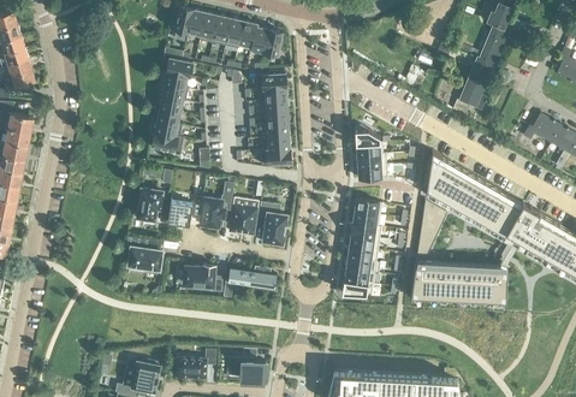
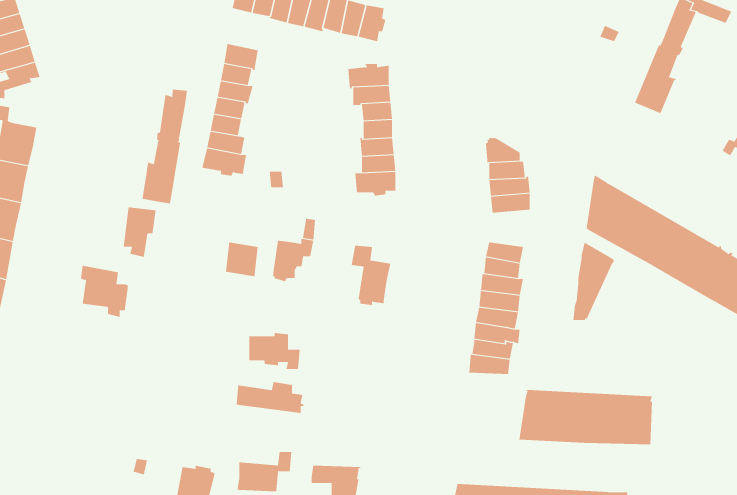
building: none -> [141,89,188,204]
building: [137,189,161,225] -> [123,207,156,257]
building: [228,197,257,235] -> none
building: [126,237,161,274] -> [80,265,129,317]
building: [410,261,506,301] -> [518,390,653,445]
building: [227,266,277,289] -> [236,381,305,413]

